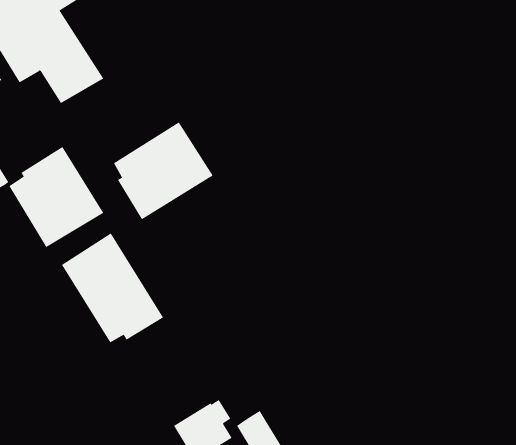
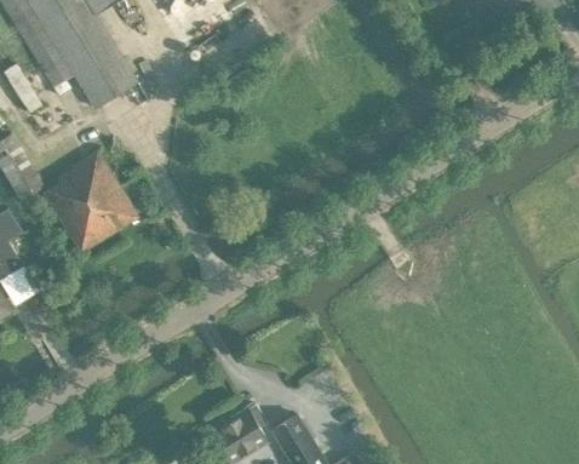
building: [113,121,213,220] -> none
building: [61,233,164,343] -> none

